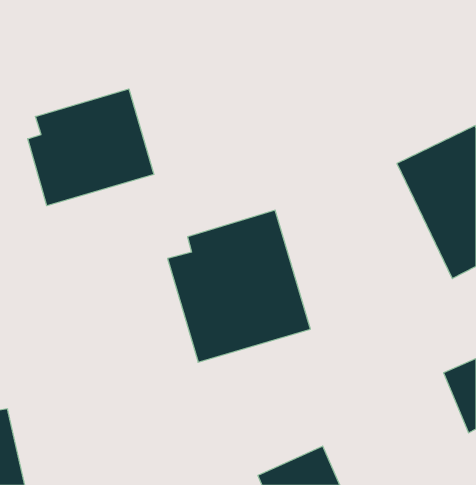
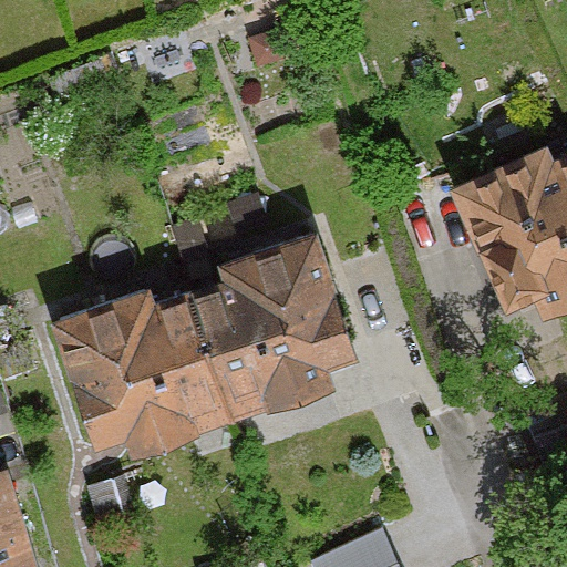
building: [28,89,154,206] -> none
building: none -> [52,290,230,462]

